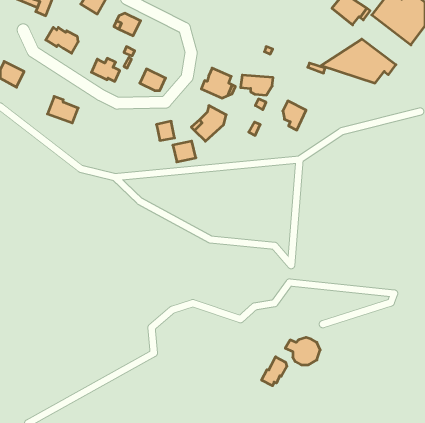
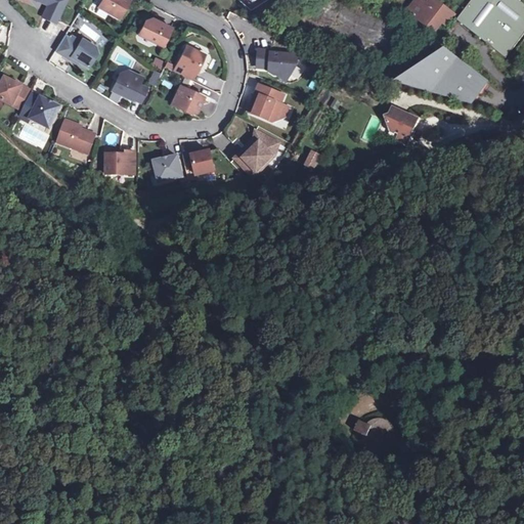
building: none -> [174,45,205,79]
building: none -> [19,91,60,127]
building: [241,75,273,95] -> [258,50,298,75]
building: [283,101,306,130] -> [385,106,413,142]
building: none -> [106,150,135,173]
building: [173,141,196,162] -> [155,155,183,180]
building: [262,357,287,386] -> none

